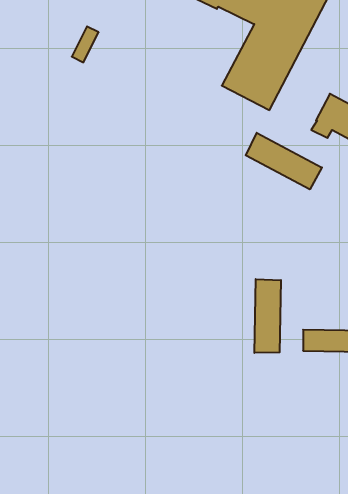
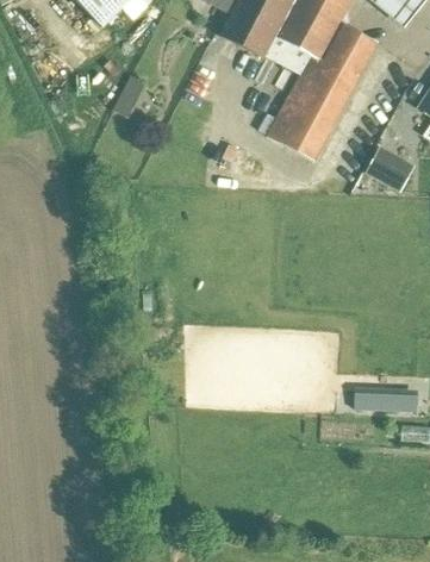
building: [246,133,322,189] -> none
building: [254,279,281,353] -> none

